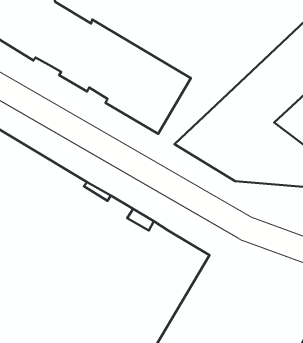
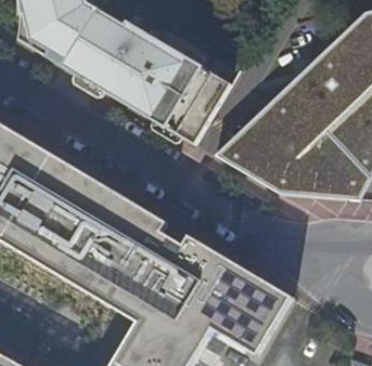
building: none -> [216,272,293,356]

